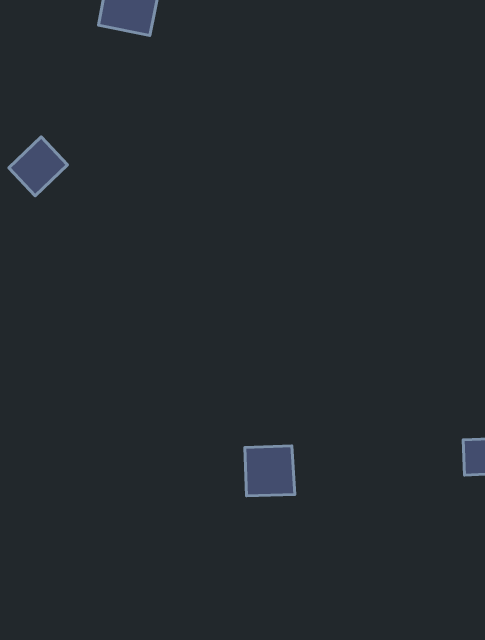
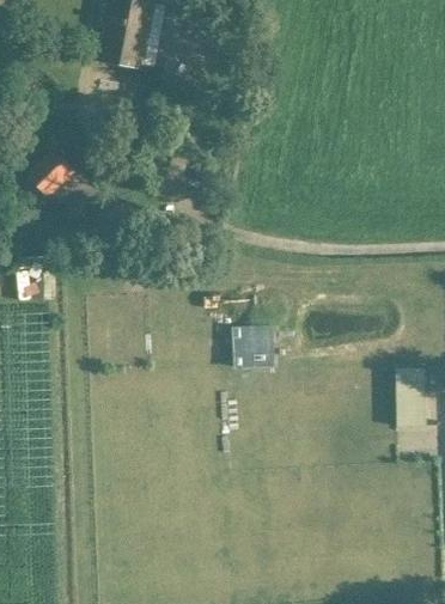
building: [245,446,295,496] -> [234,327,275,367]

